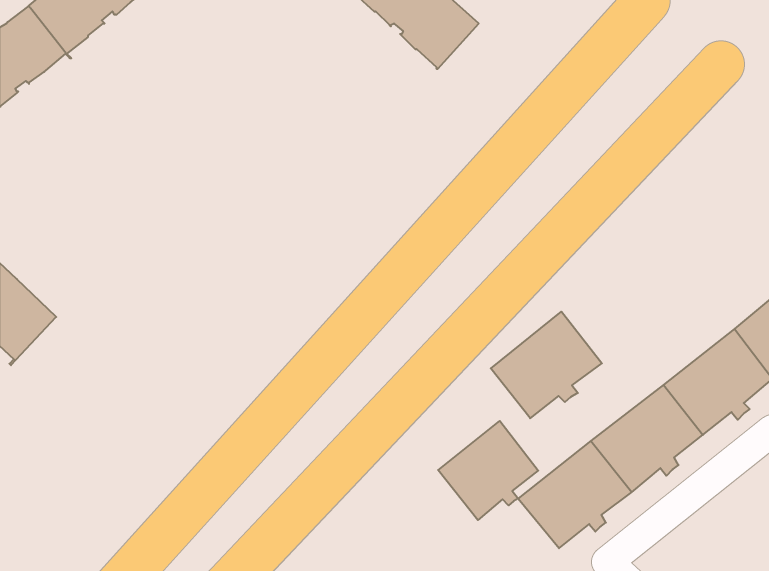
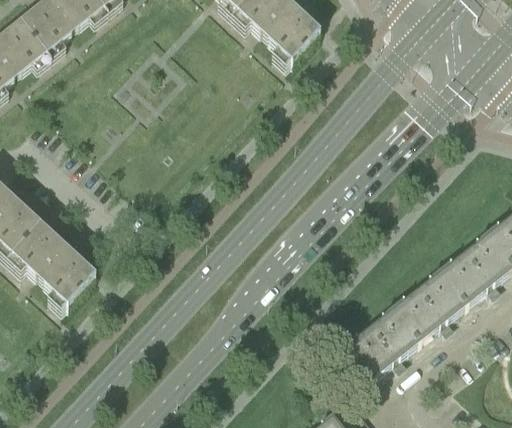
building: [491,312,602,418] -> none
building: none -> [10,225,95,304]
building: [438,421,538,520] -> none

